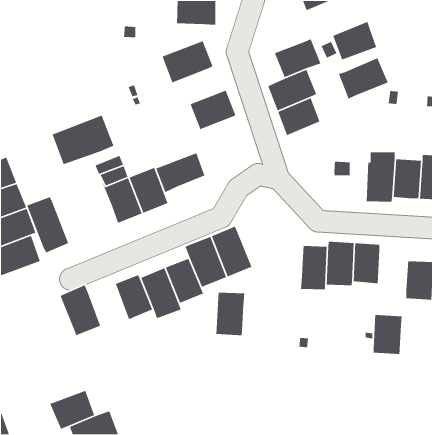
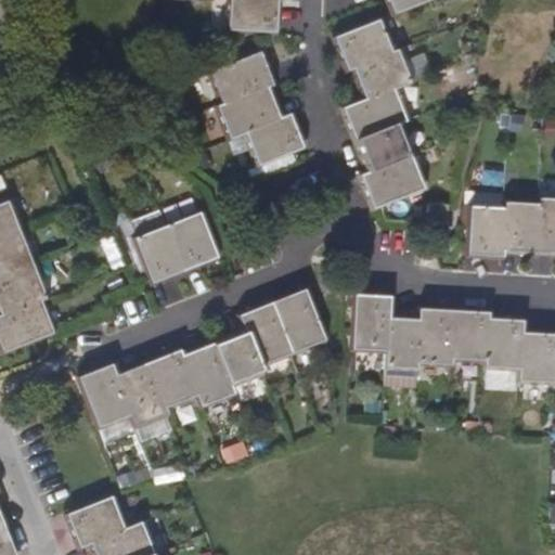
building: [332,21,377,60] -> [335,18,392,68]
building: [338,57,389,100] -> [361,155,426,209]
building: [51,114,114,165] -> none
building: [155,152,205,193] -> [217,88,281,140]
building: [26,196,69,253] -> none
building: none -> [117,361,170,427]
building: [215,292,245,336] -> [352,295,390,351]
building: [373,314,403,355] -> [486,318,524,370]

